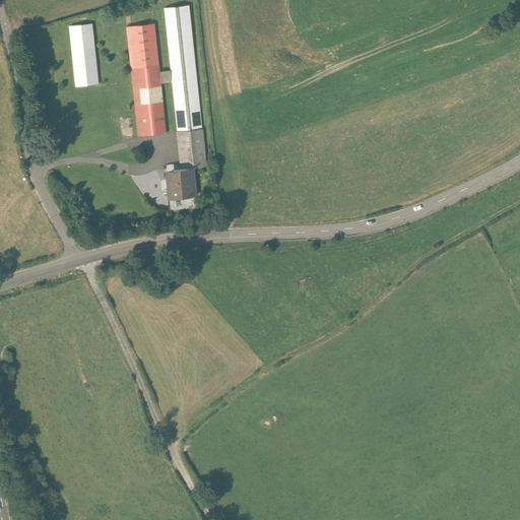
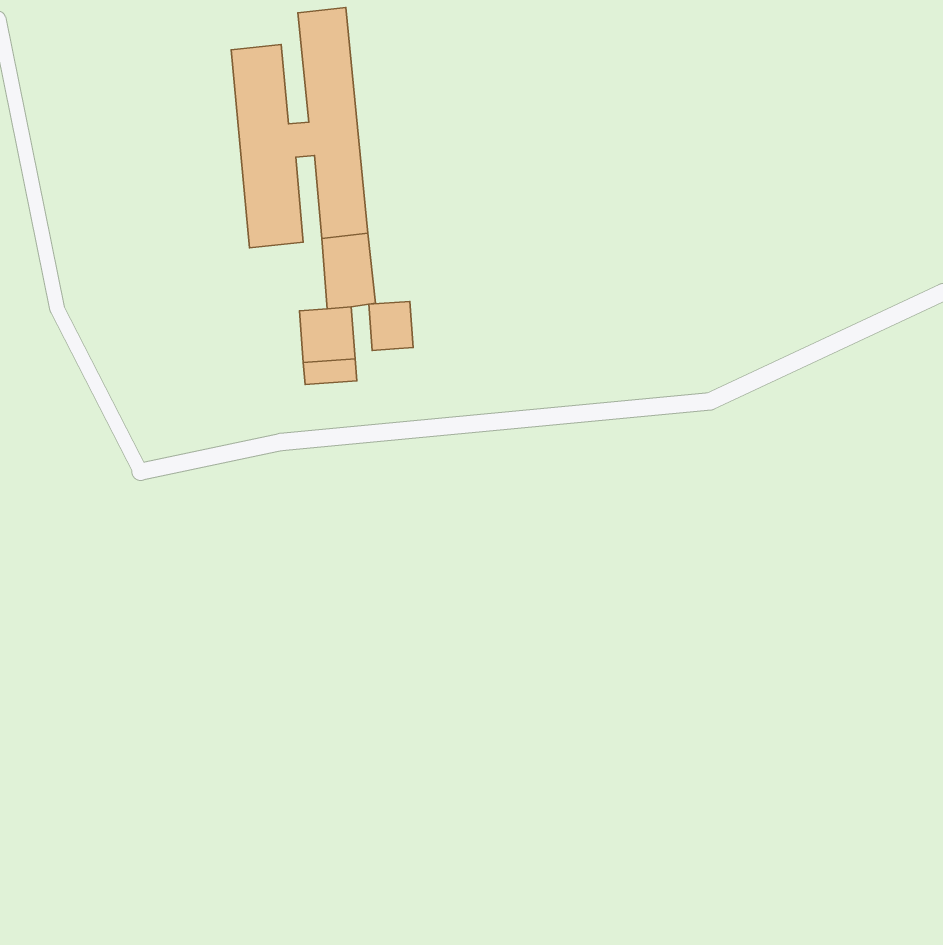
building: [69,24,100,85] -> none
building: none -> [369,301,413,351]

